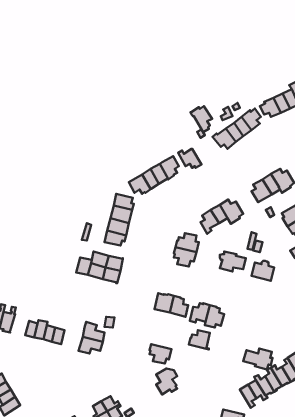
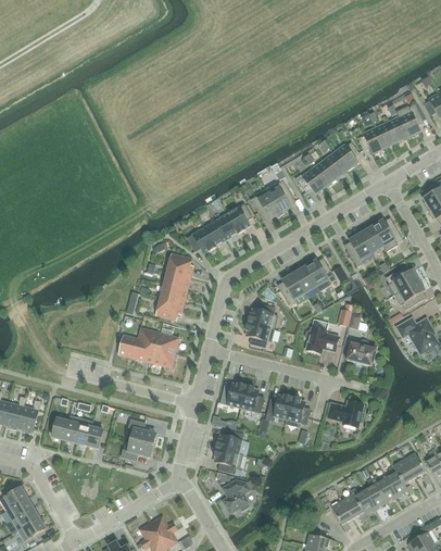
building: [190,106,212,132] -> [265,180,293,214]
building: [189,330,210,349] -> [216,429,243,454]
building: [243,348,273,369] -> [327,400,365,427]

